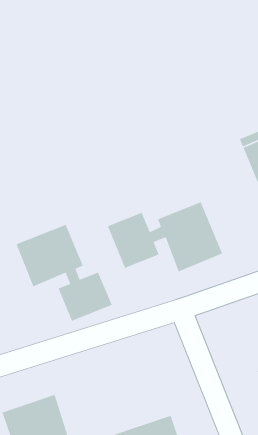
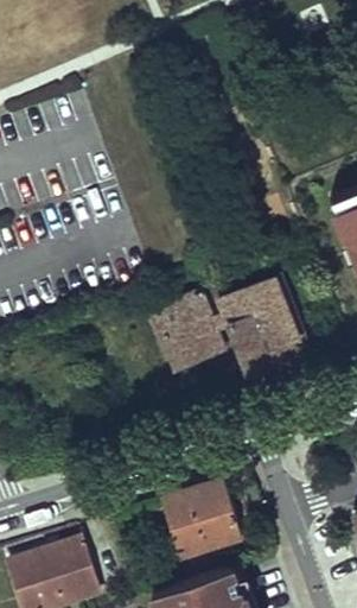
building: [15,224,113,322] -> none
building: none -> [162,483,242,560]

